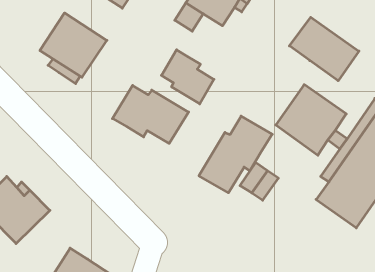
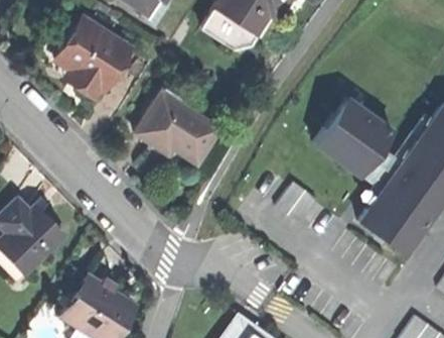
building: [289,17,359,81] -> none
building: [161,50,214,104] -> none
building: [199,116,272,193] -> none

